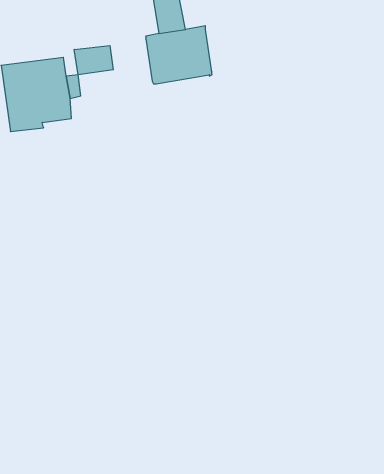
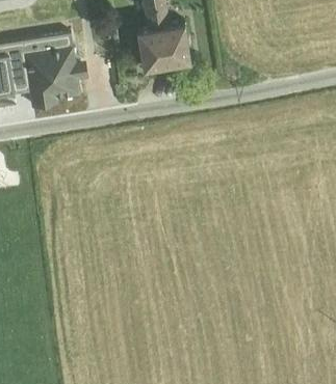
building: [74,46,113,75] -> none

